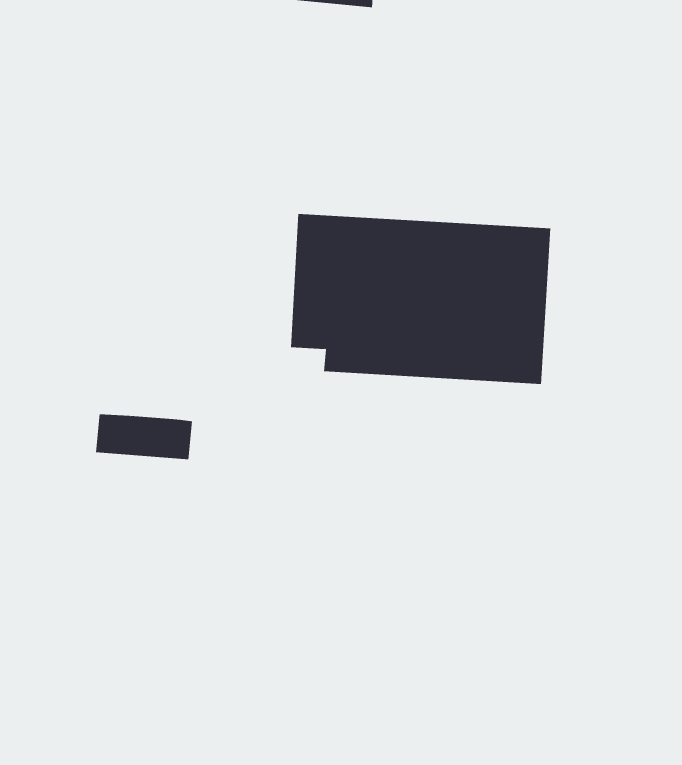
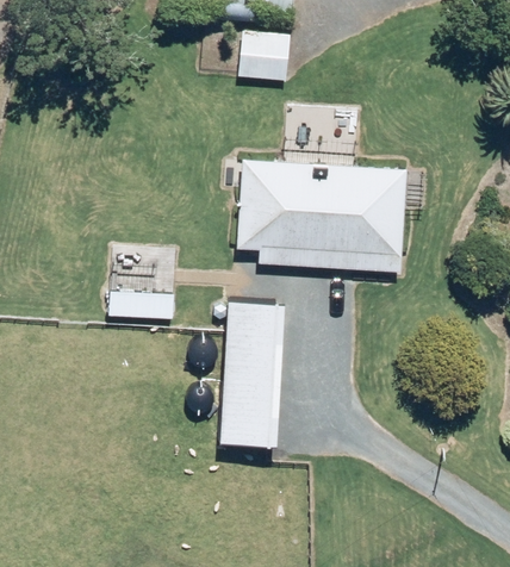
building: none -> [242,32,290,80]
building: none -> [219,300,284,444]

